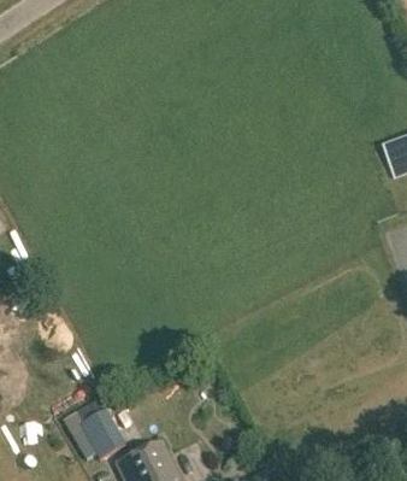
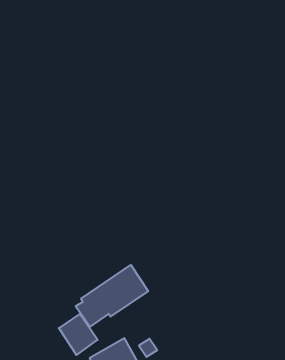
building: none -> [76,265,148,327]

